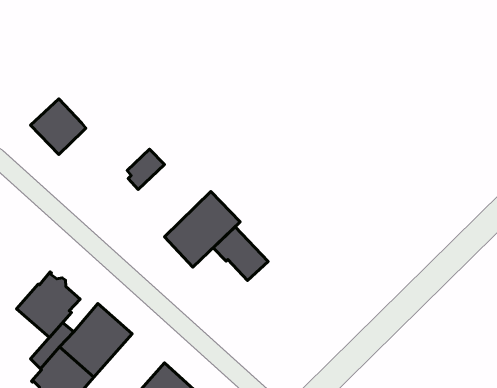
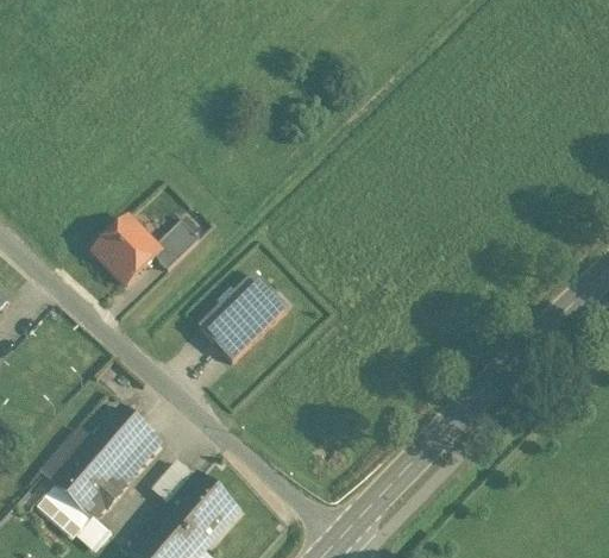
building: [30,99,86,154] -> [96,220,162,286]
building: [213,227,268,281] -> none
building: [16,272,80,337] -> none

